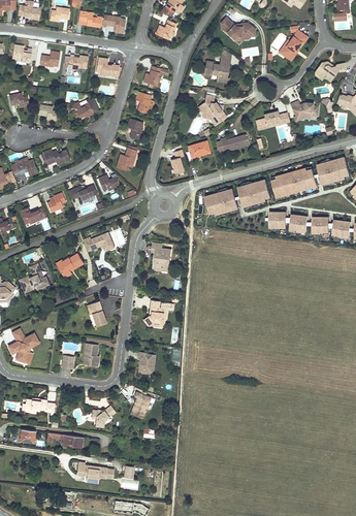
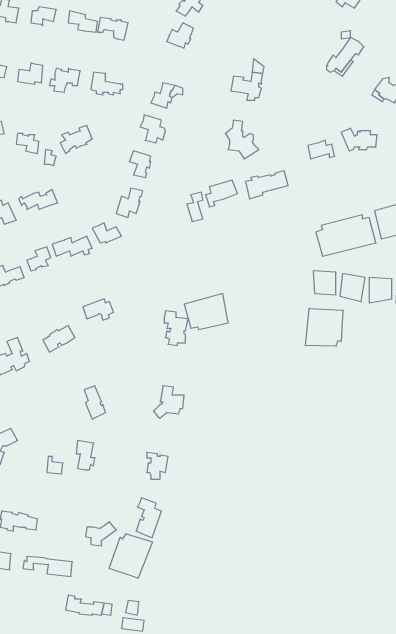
building: [221,19,255,39] -> none
building: [237,180,270,208] -> none
building: [203,189,237,217] -> [184,294,228,330]
building: none -> [306,308,343,346]
building: none -> [109,534,152,578]

